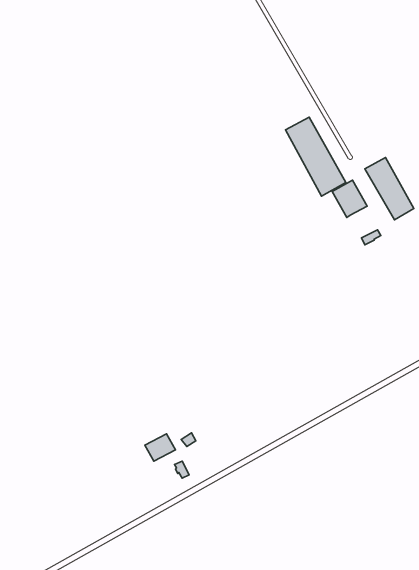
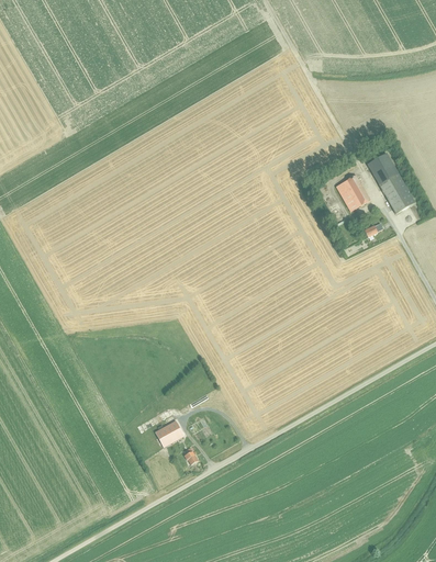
building: [285,117,346,196] -> none

